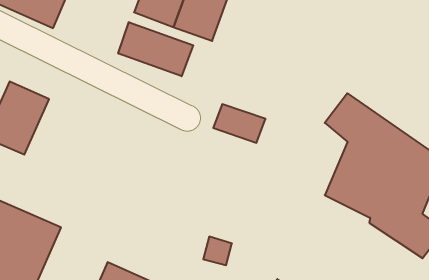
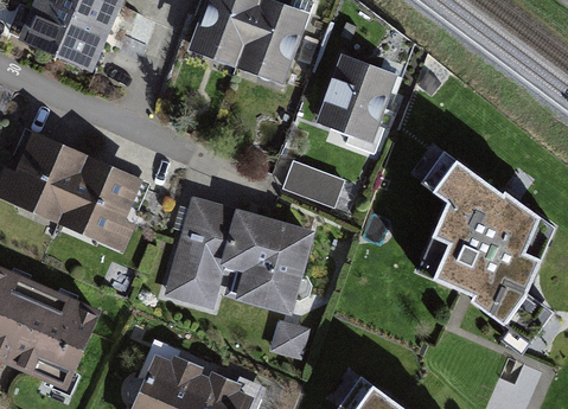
building: none -> [317,56,394,140]
building: [118,22,193,76] -> none
building: none -> [56,155,135,250]
building: none -> [165,198,311,313]

